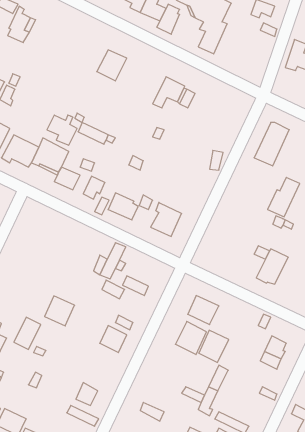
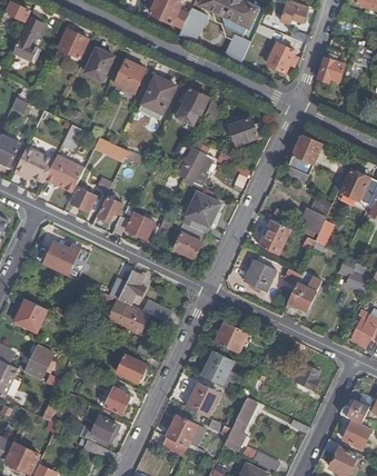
building: none -> [59,28,89,57]
building: none -> [267,42,295,71]
building: none -> [82,47,112,81]
building: none -> [141,75,175,112]
building: none -> [230,117,259,145]
building: none -> [179,141,215,184]
building: none -> [182,191,220,234]
building: none -> [259,218,291,254]
building: none -> [43,240,79,275]
building: none -> [245,259,277,292]
building: [45,296,75,326] -> [16,298,48,330]
building: [199,330,229,362] -> [186,383,218,417]
building: none -> [103,385,131,414]
building: none -> [165,415,197,449]

